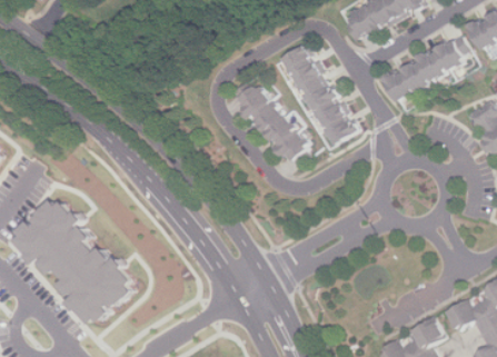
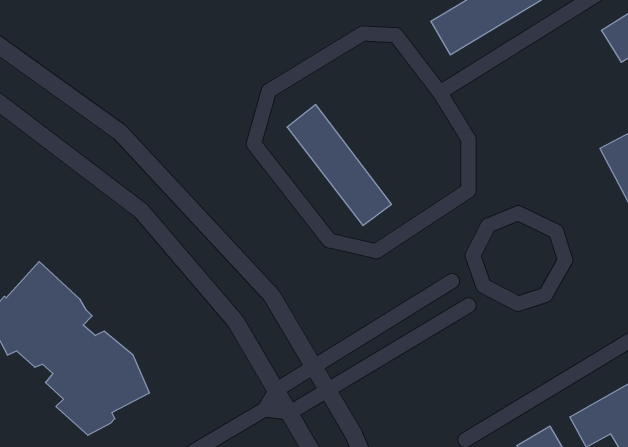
building: [381,34,470,102] -> none
building: [281,44,356,146] -> none

